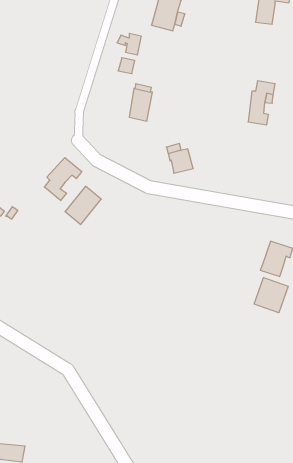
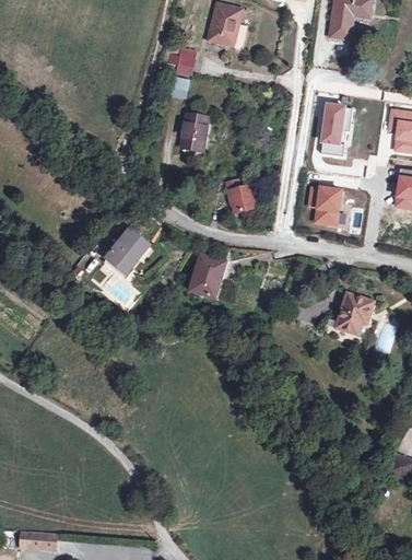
building: none -> [309,178,342,215]
building: [44,158,82,201] -> none
building: none -> [189,255,225,299]
building: [254,278,288,313] -> none

